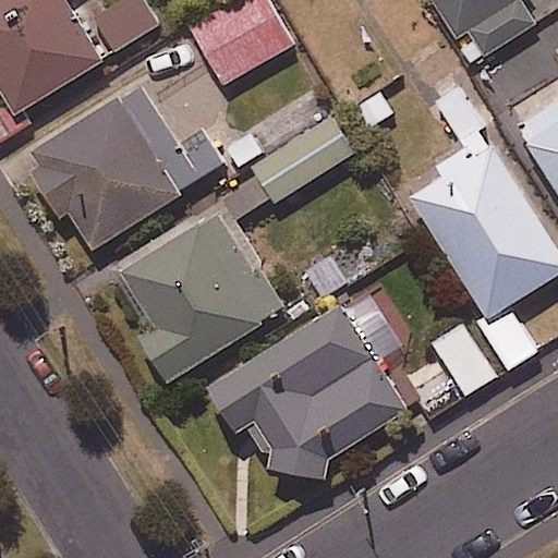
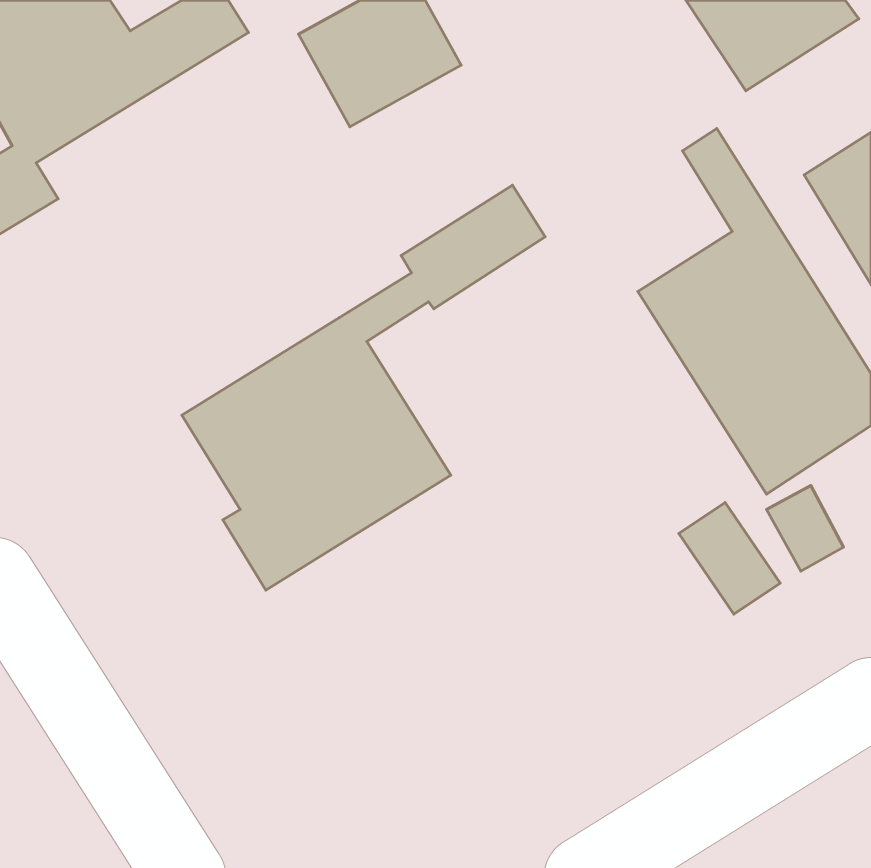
building: [25,83,223,254] -> none
building: [208,301,410,483] -> none

